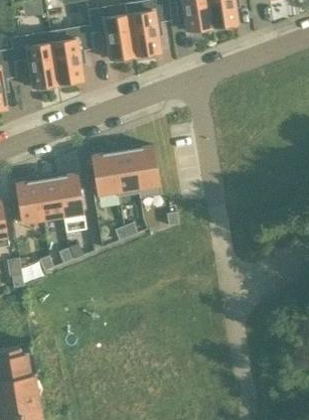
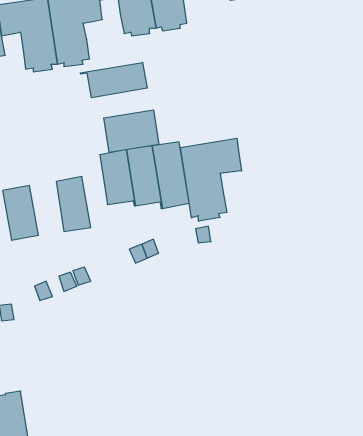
building: none -> [80,62,147,98]
building: none -> [104,110,159,152]
building: none -> [180,138,242,221]
building: [35,177,62,220] -> none

